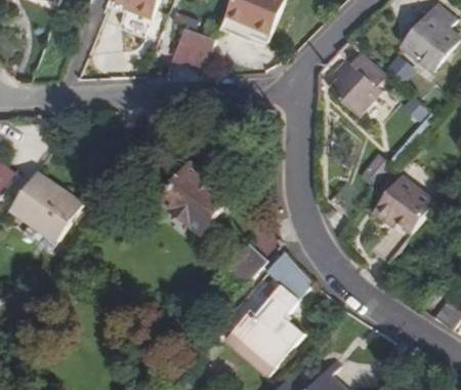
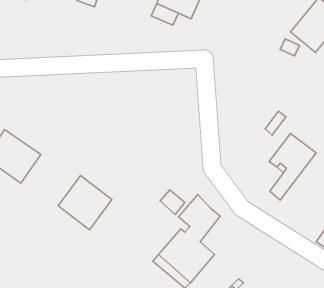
building: [175,31,214,69] -> none
building: [326,46,386,114] -> none
building: [161,164,229,234] -> [58,175,112,230]

